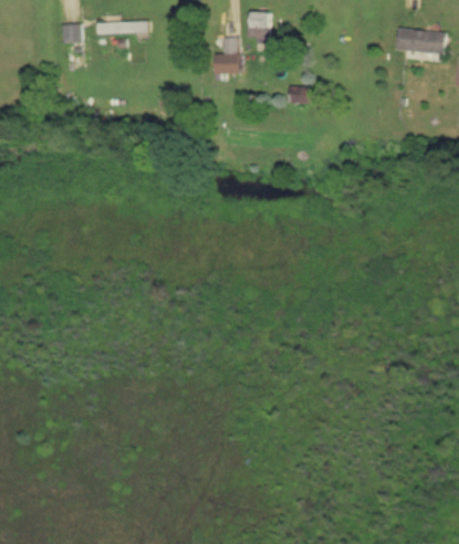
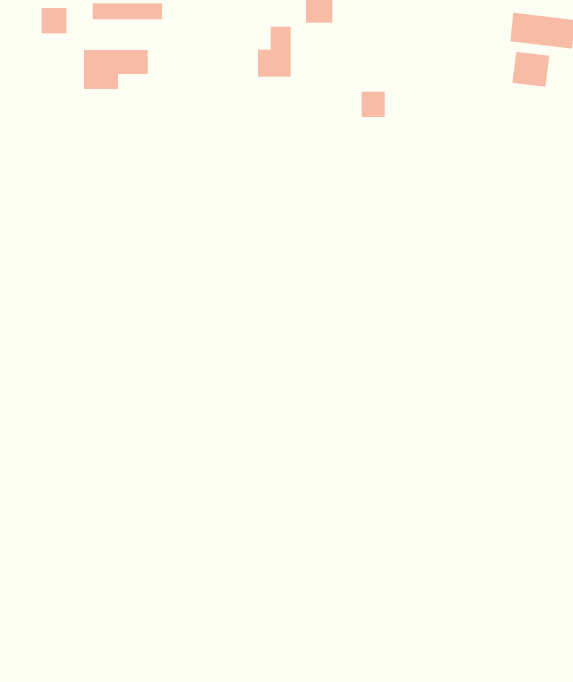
building: none -> [83,49,148,90]
building: none -> [512,51,550,87]

